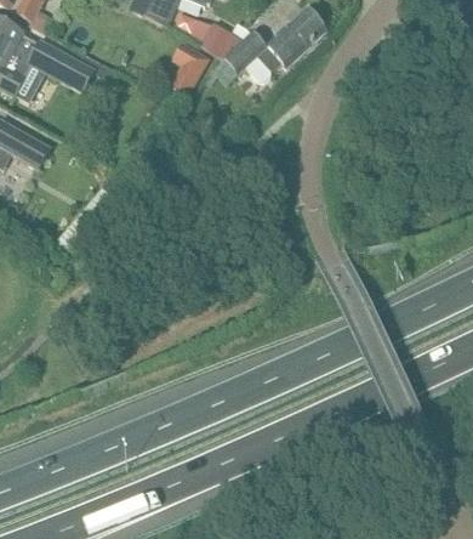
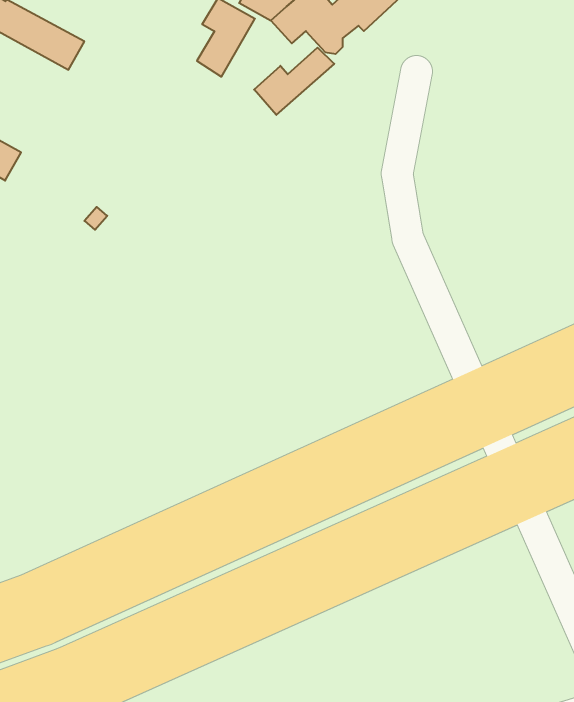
building: none -> [254,48,334,115]

